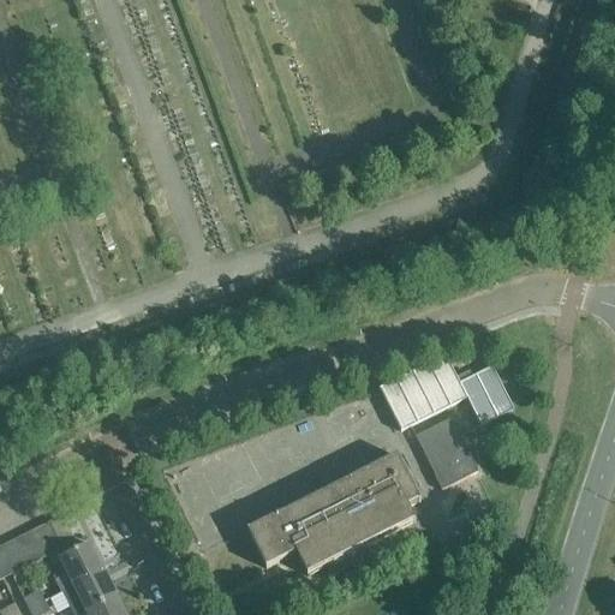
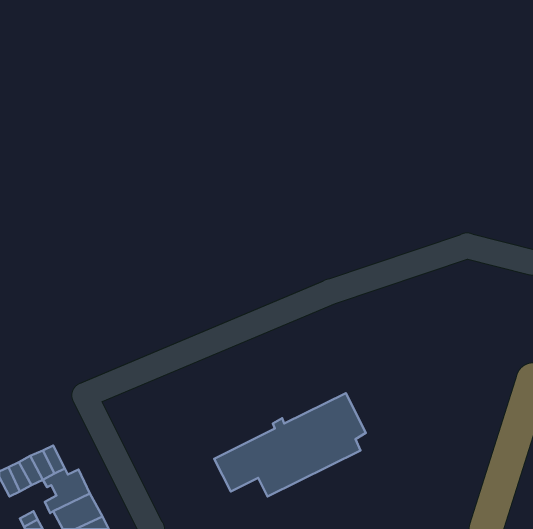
building: [378,353,513,429] -> none
building: [414,416,478,489] -> none

